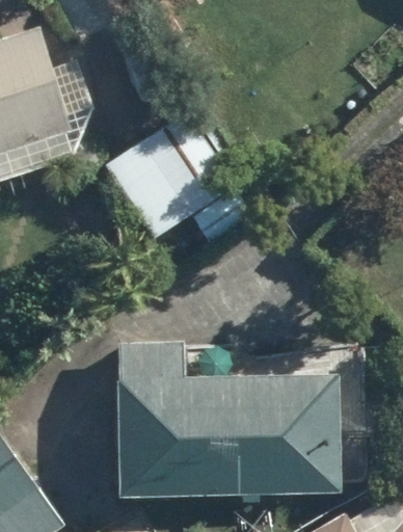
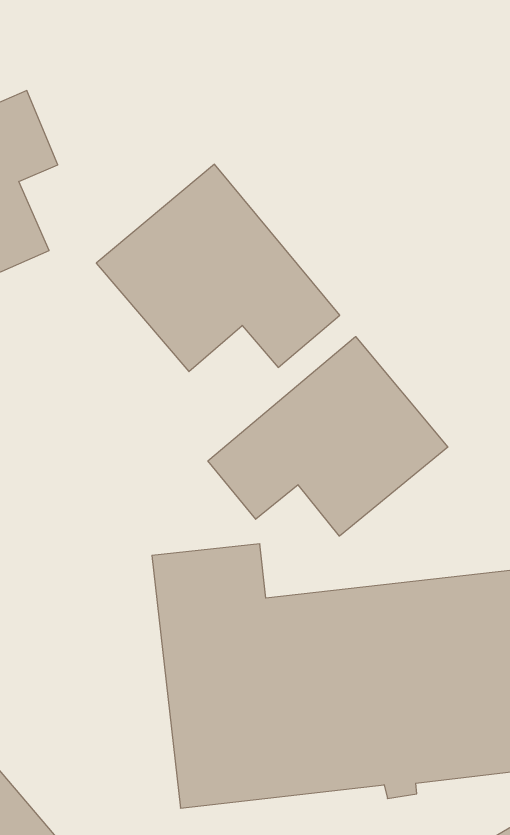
building: none -> [208,337,448,536]

